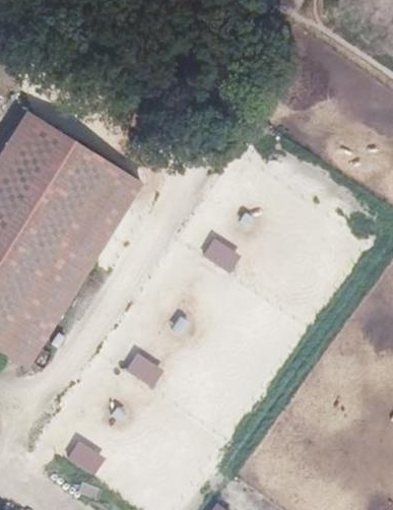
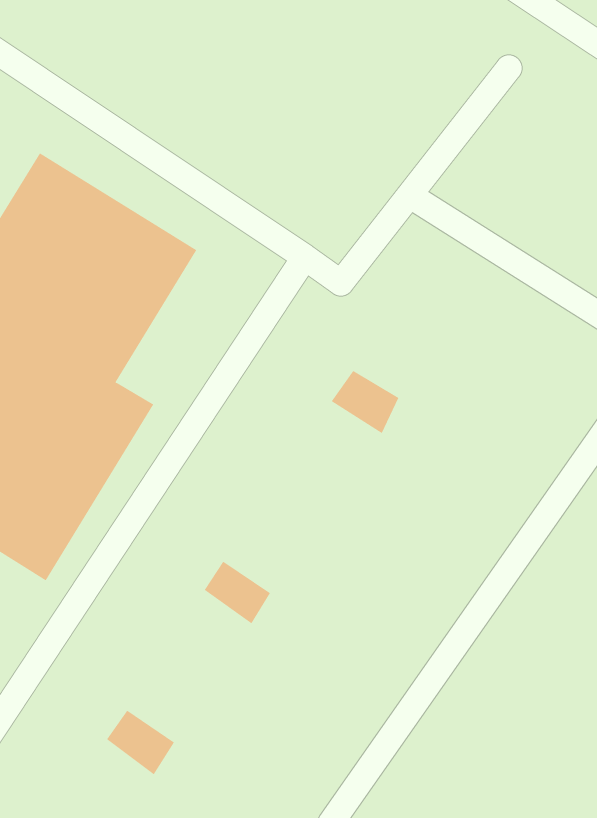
building: [72,168,143,259] -> none

